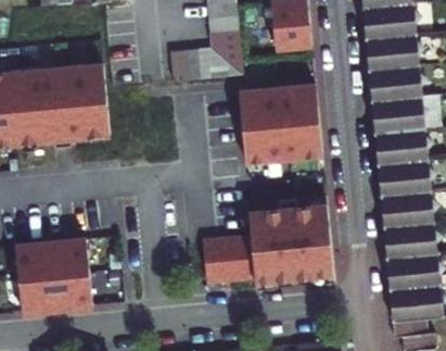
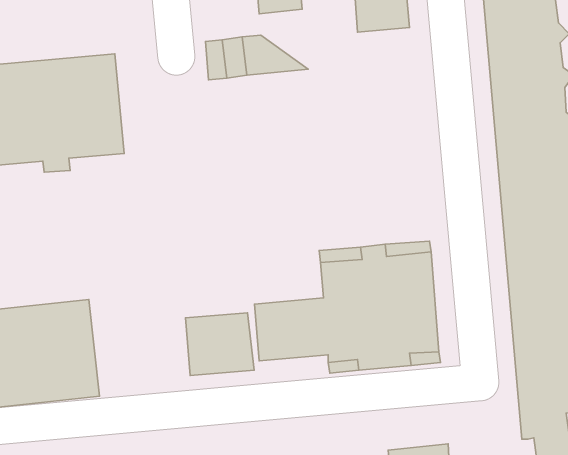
building: [205,33,240,75] -> none
building: [238,84,321,162] -> none
building: none -> [185,313,254,375]

